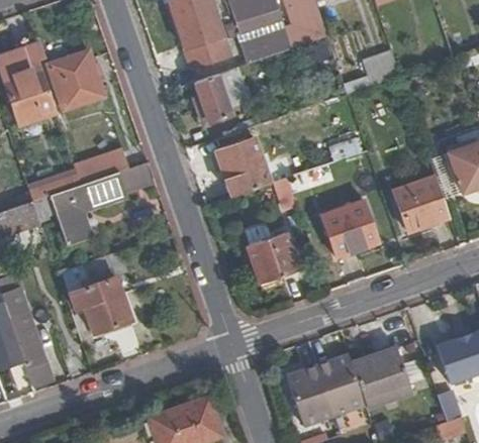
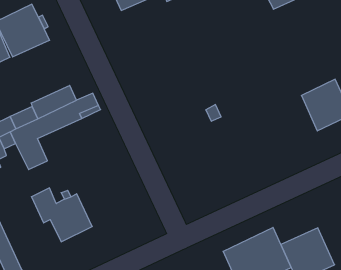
building: [195,67,244,124] -> none
building: [216,139,271,197] -> none
building: [321,201,377,258] -> none
building: [248,233,298,285] -> none

